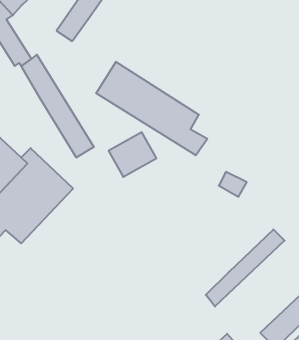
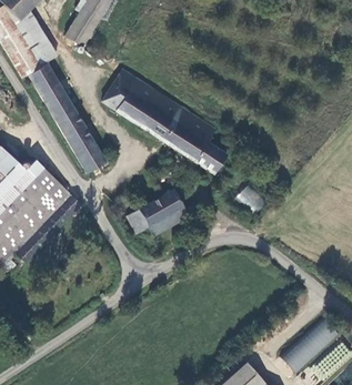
building: none -> [11,9,54,65]
building: [109,132,156,177] -> [137,188,188,235]
building: [206,229,285,307] -> none

